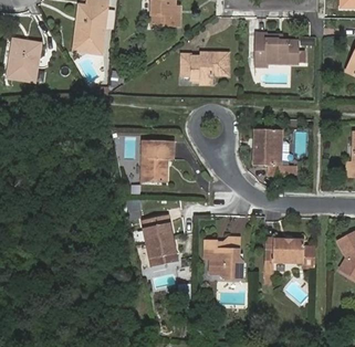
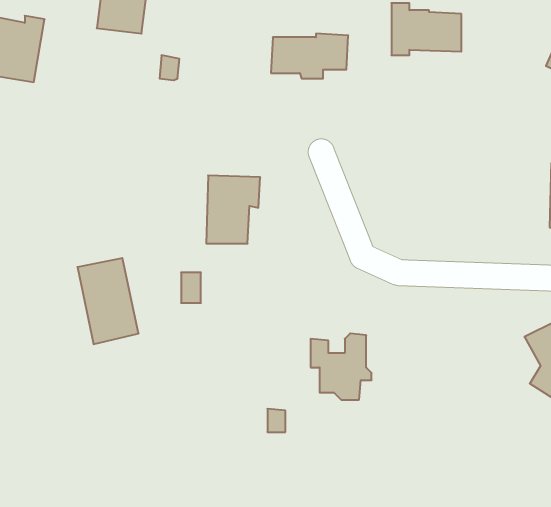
building: [252,128,290,176] -> none
building: [140,213,178,266] -> [77,258,139,344]
building: [263,238,314,283] -> none

